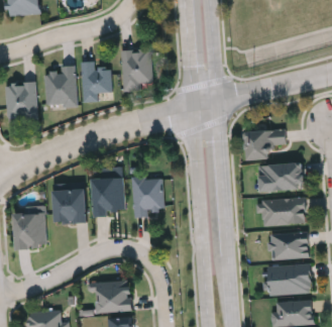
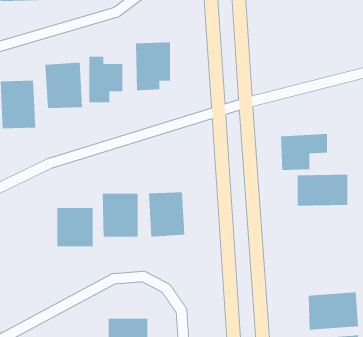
building: [260,197,305,224] -> none
building: [14,213,46,250] -> none
building: [268,231,308,258] -> none

